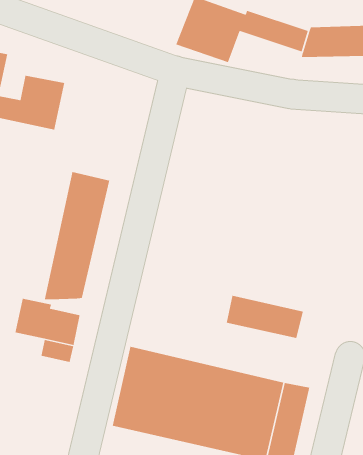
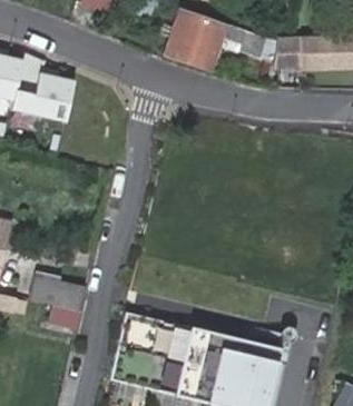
building: [44,171,110,300] -> none
building: [226,295,304,339] -> none

